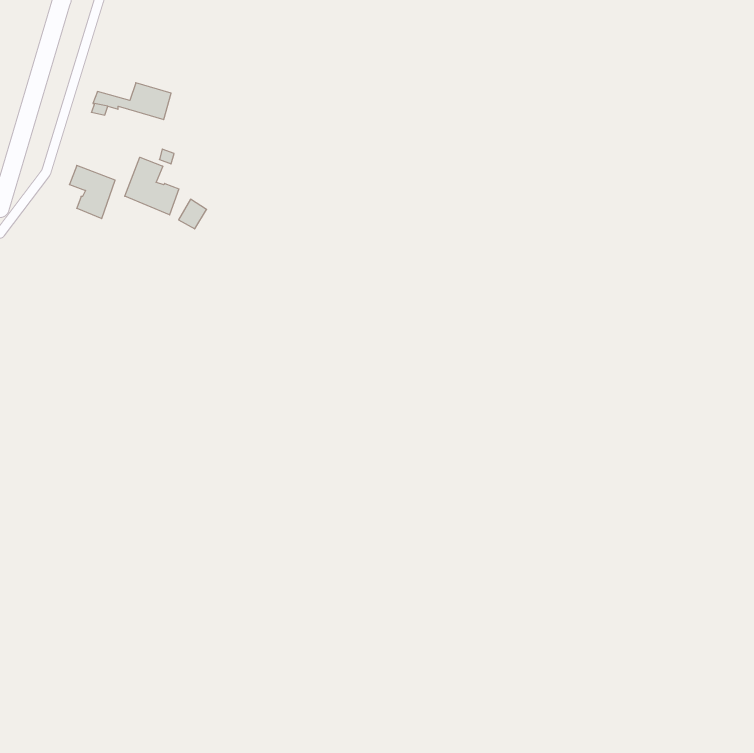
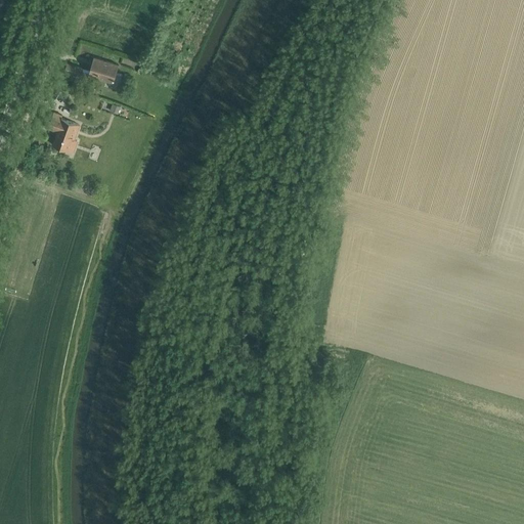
building: [125,157,179,215] -> none

